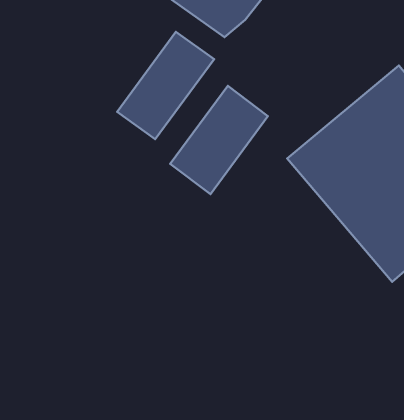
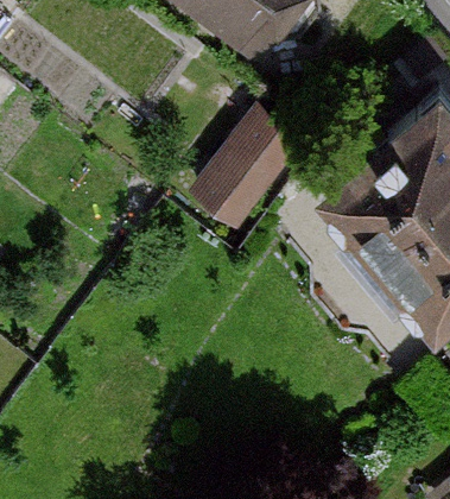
building: [117,32,214,139] -> none

